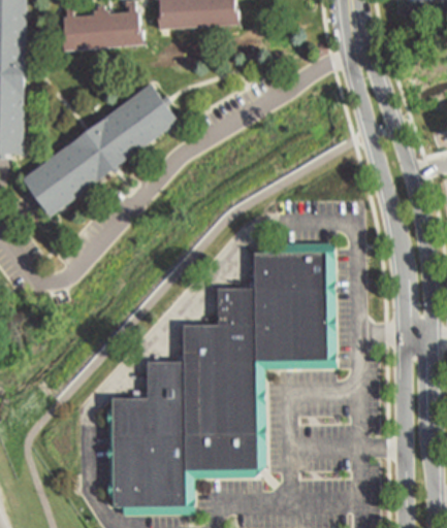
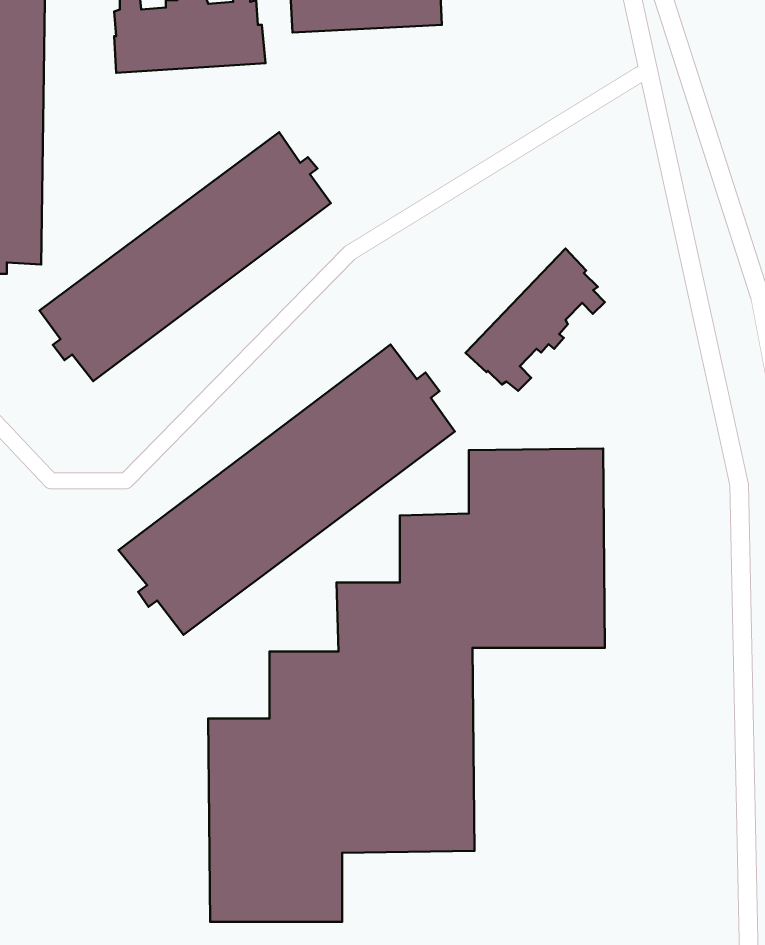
building: none -> [466,249,605,391]
building: none -> [118,345,455,635]

